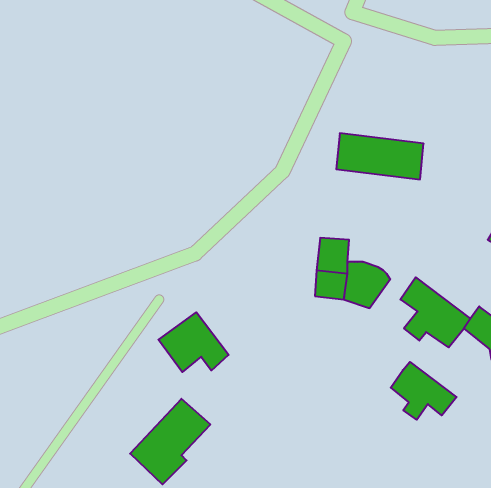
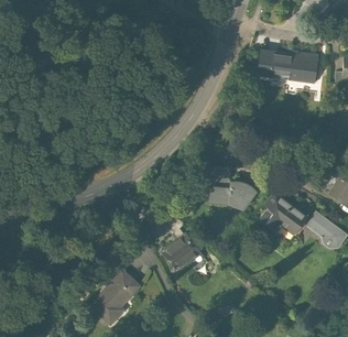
building: [336,133,424,179] -> [254,53,311,83]
building: [158,312,229,372] -> [157,235,203,273]
building: [391,362,457,420] -> none

